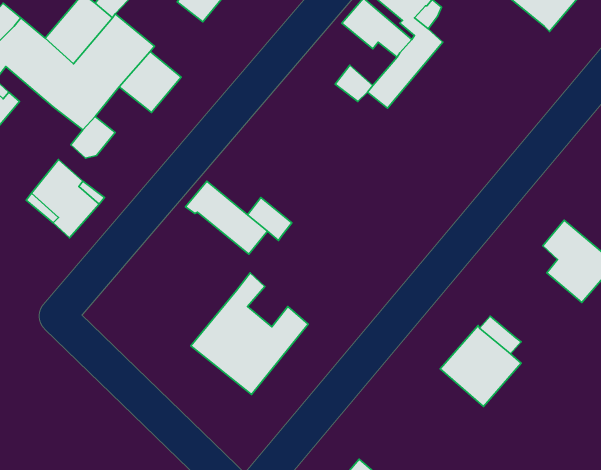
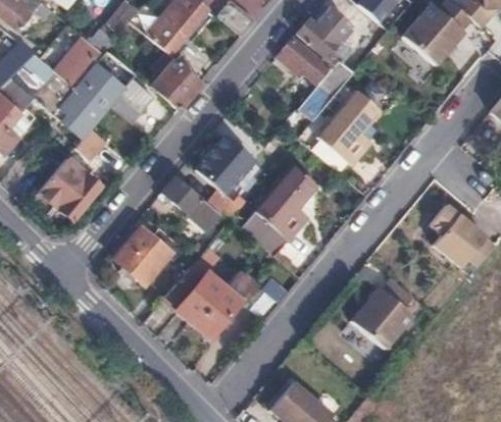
building: none -> [152,57,204,108]
building: none -> [320,90,381,162]
building: none -> [197,134,254,191]
building: none -> [240,164,320,258]
building: none -> [116,225,186,280]

